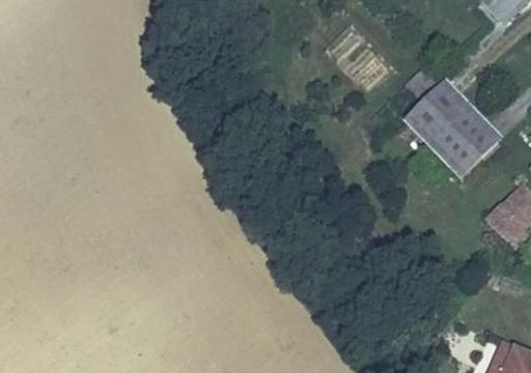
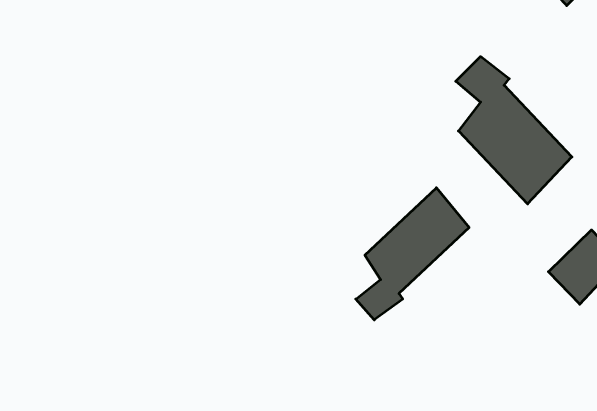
building: none -> [356,188,469,320]

